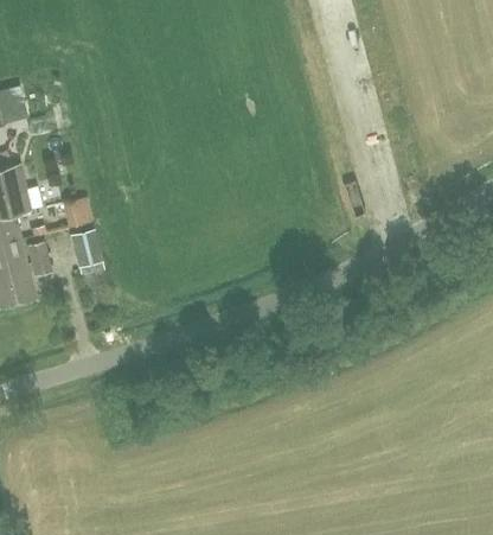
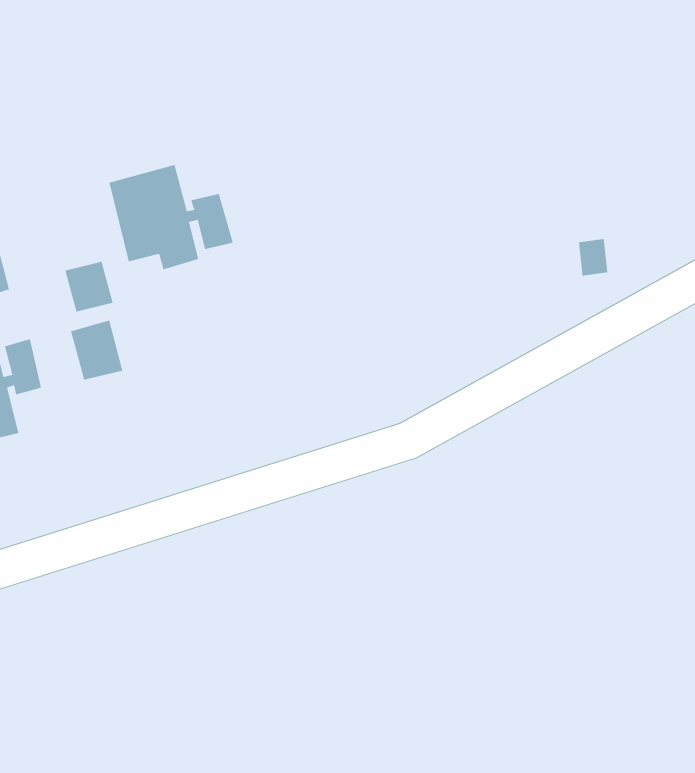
building: none -> [109,164,233,270]

